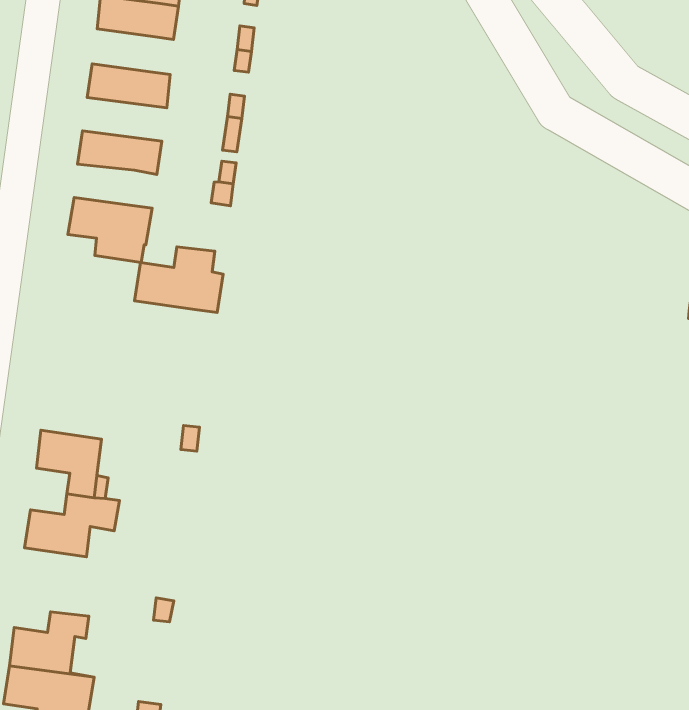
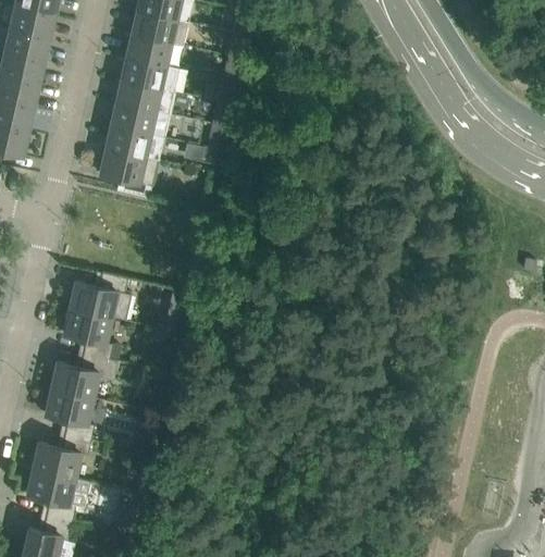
building: none -> [126,33,170,65]
building: none -> [115,79,175,114]
building: none -> [106,125,149,157]
building: [134,247,223,312] -> [69,272,132,320]
building: none -> [45,387,94,438]

